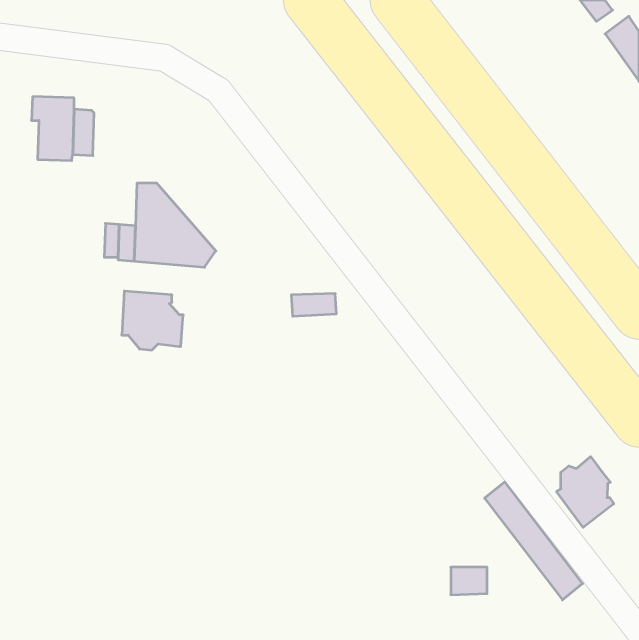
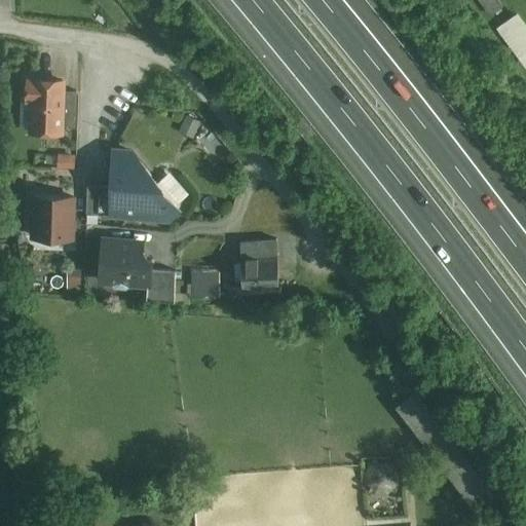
building: none -> [32,196,71,238]
building: none -> [239,258,276,293]
building: none -> [145,269,174,302]
building: none -> [191,272,217,298]
building: [557,457,614,527] -> none

